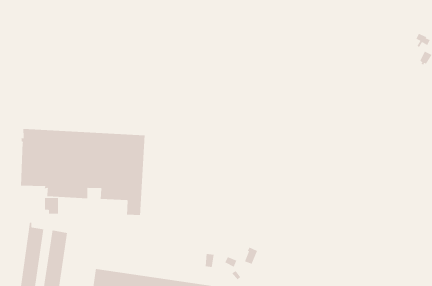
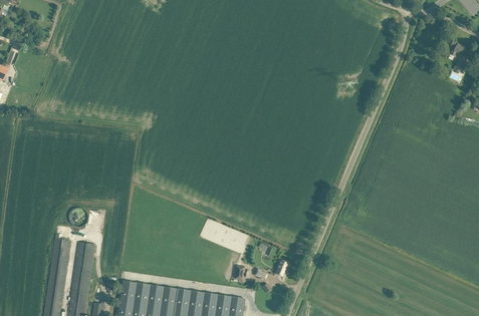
building: [20,128,145,216] -> none

